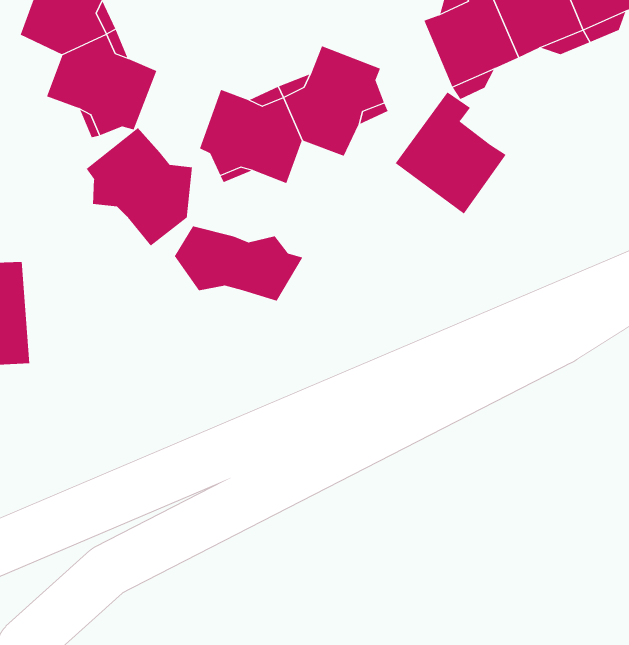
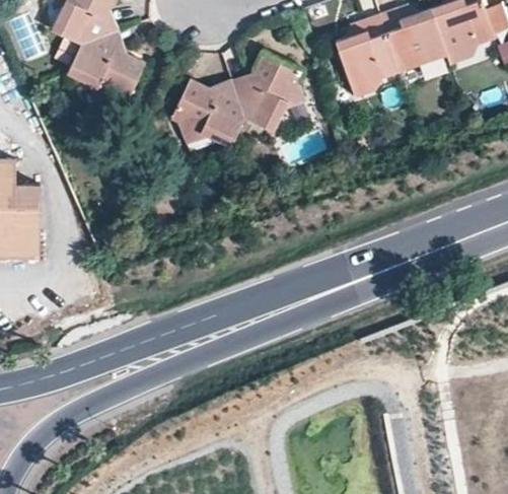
building: [395,91,506,215] -> none
building: [86,127,192,247] -> none
building: [174,226,303,301] -> none

